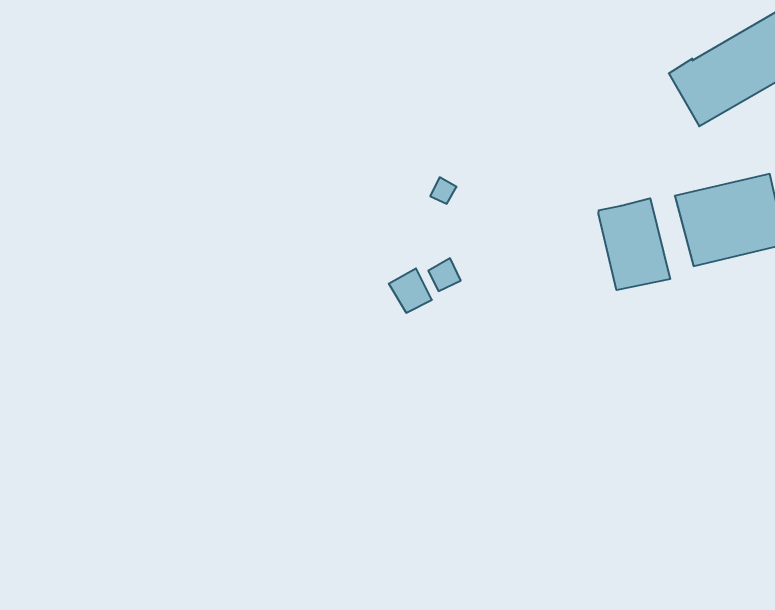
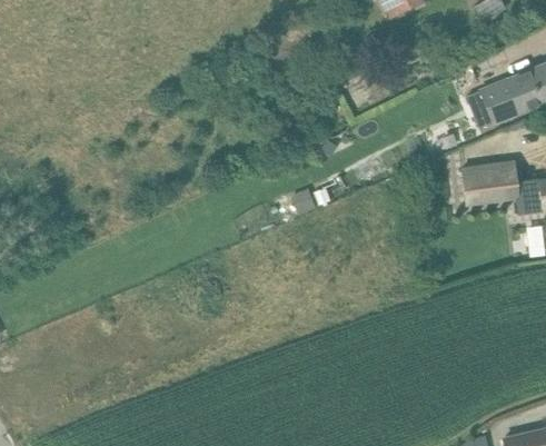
building: [598,198,670,290] -> none

